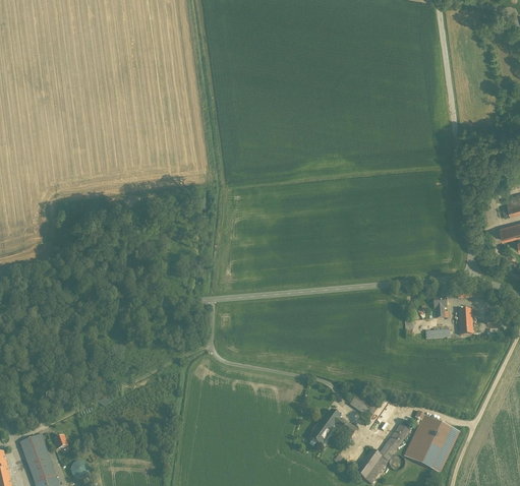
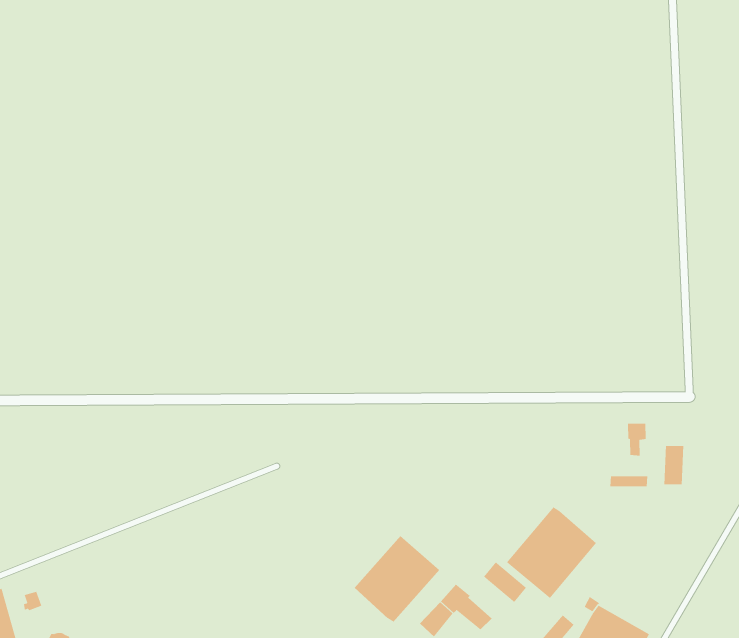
building: none -> [506,507,597,599]
building: none -> [354,535,440,622]

